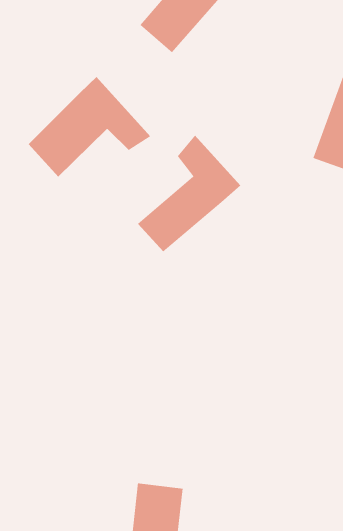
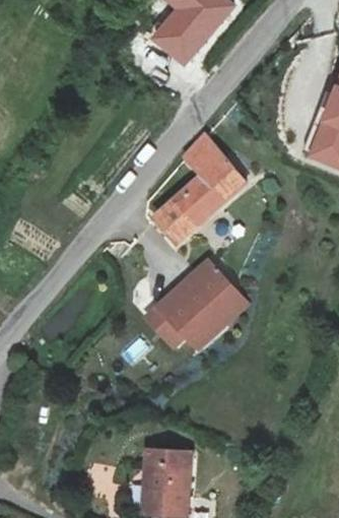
building: [28,76,151,178] -> none
building: none -> [145,262,247,349]

